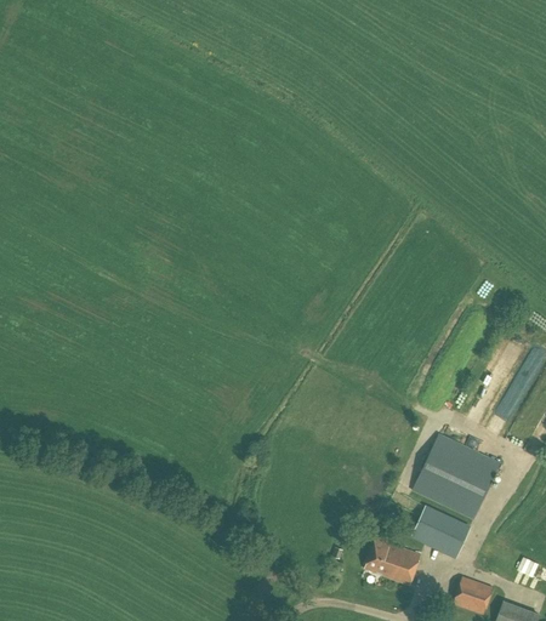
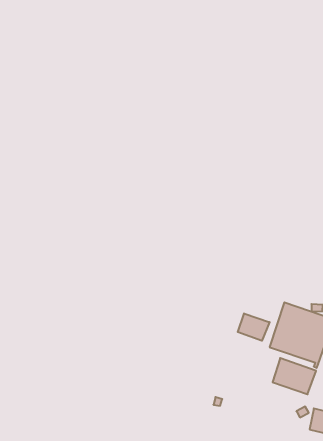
building: none -> [238,313,270,341]
building: [364,535,420,585] -> none

